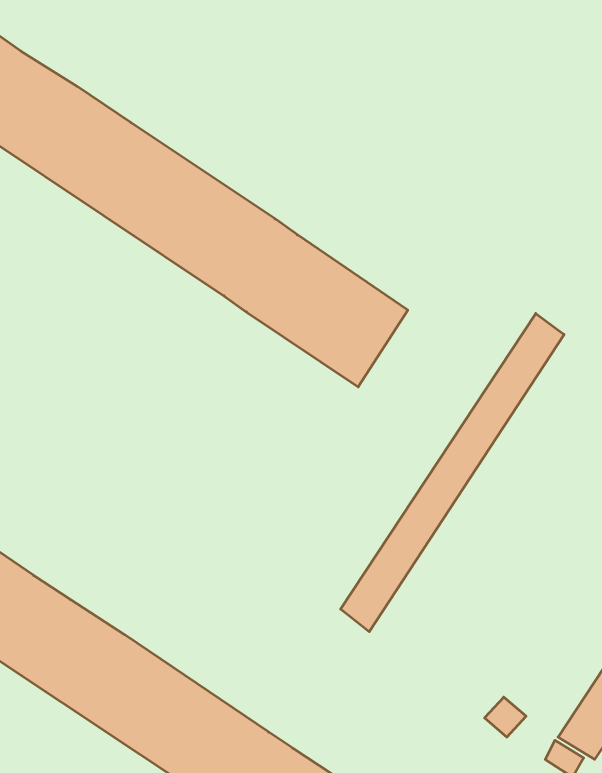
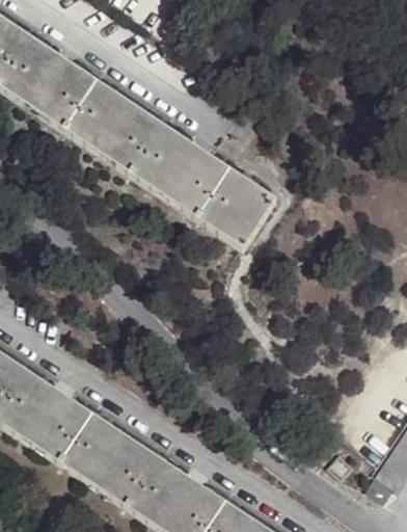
building: [341,313,564,632] -> none

